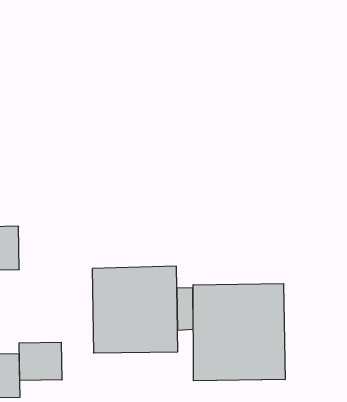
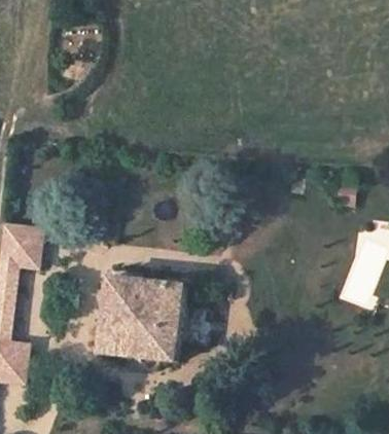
building: [193,284,285,381] -> none
building: [19,342,62,381] -> none

